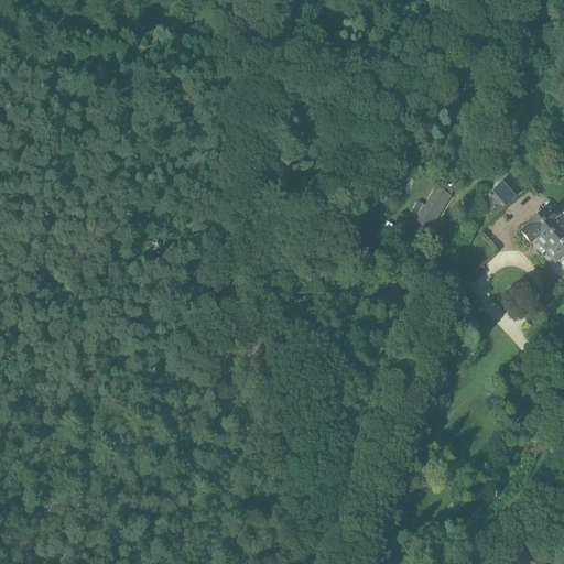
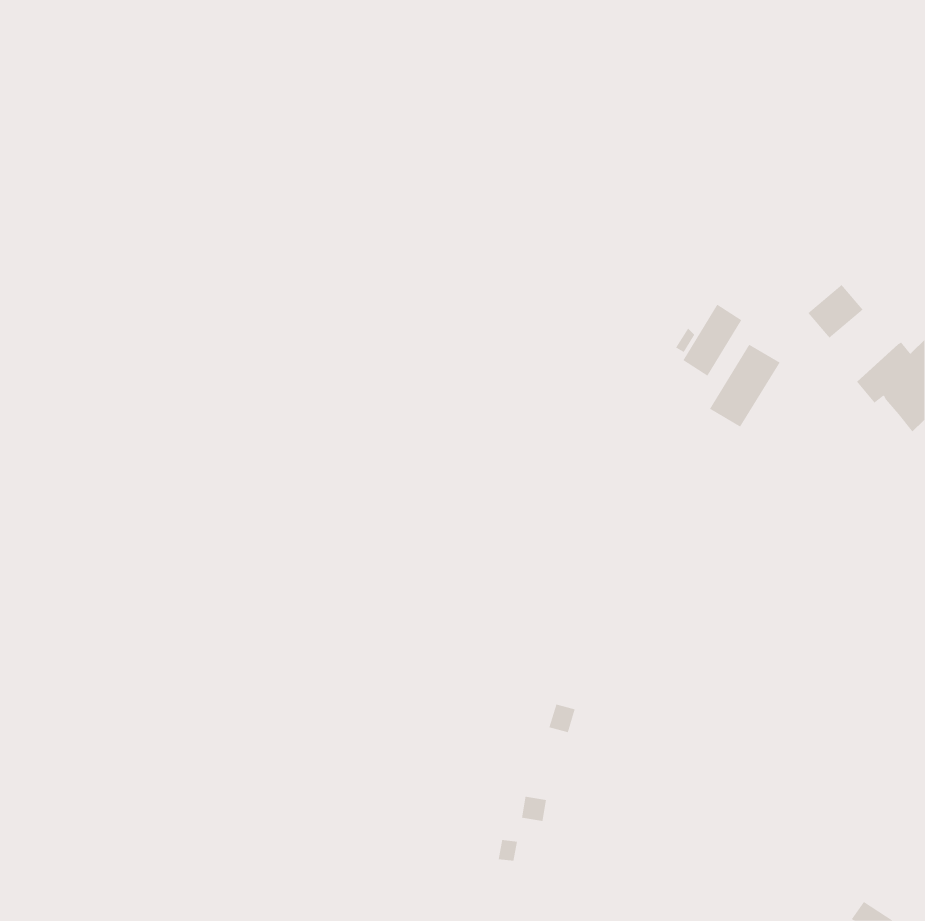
building: none -> [709,344,780,427]

